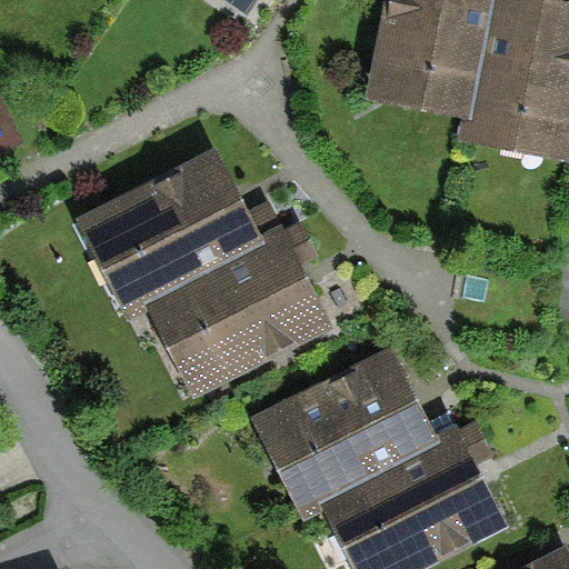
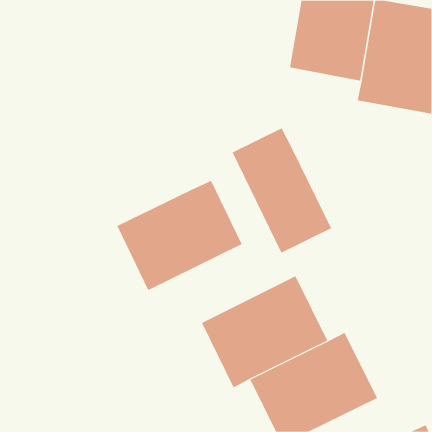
building: [91,164,251,307] -> none
building: none -> [232,127,332,254]

